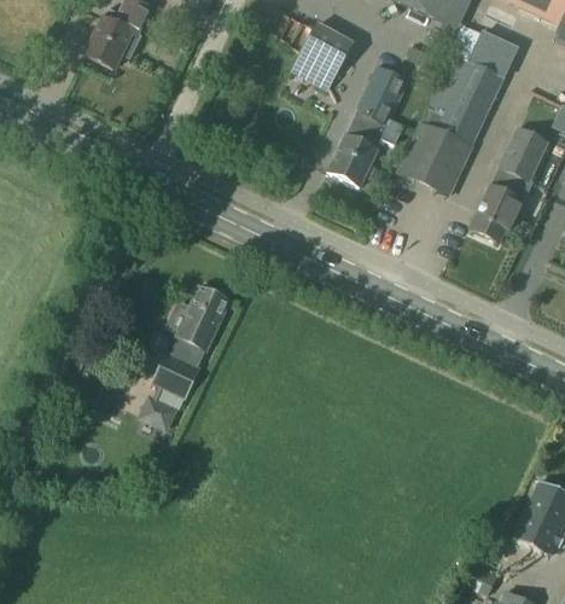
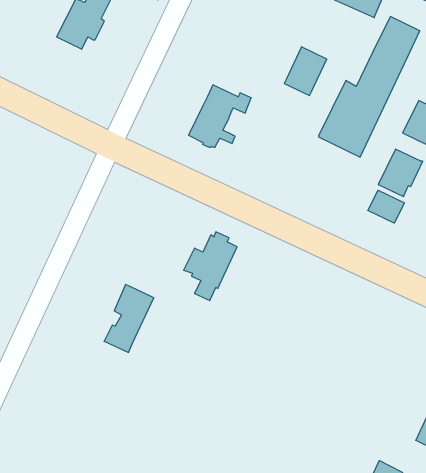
building: [293,22,353,85] -> none
building: [327,109,402,184] -> [189,85,251,147]
building: none -> [368,190,404,223]
building: [167,281,231,364] -> [184,232,237,301]

